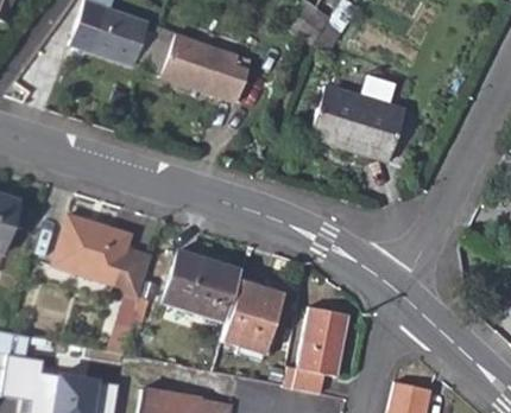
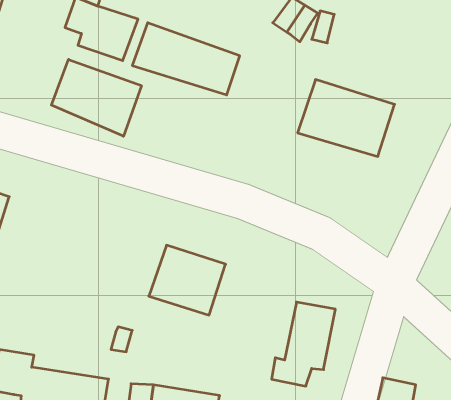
building: none -> [51,59,141,136]
building: [52,215,152,298] -> none
building: [221,275,284,362] -> none

